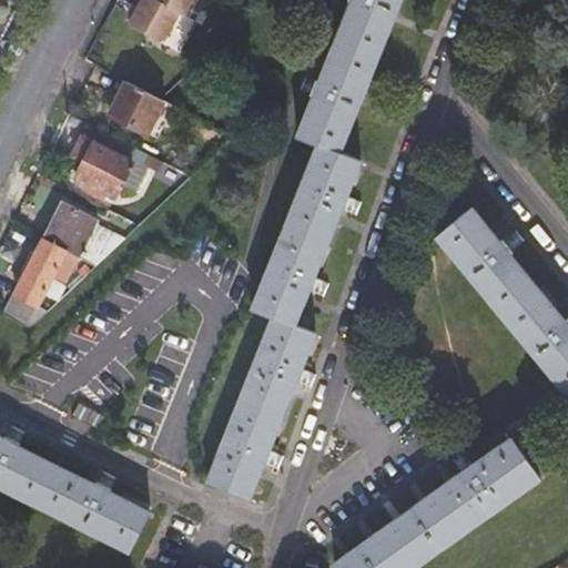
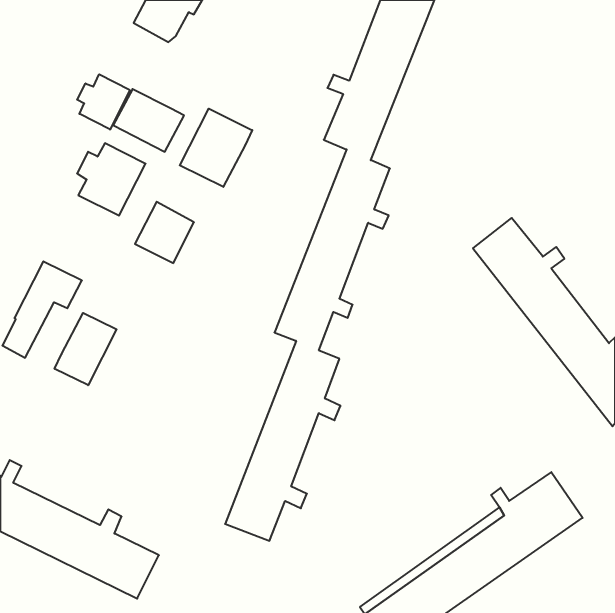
building: none -> [77,74,130,130]
building: none -> [180,109,252,187]
building: [40,204,94,261] -> [135,202,194,263]
building: none -> [55,313,117,385]

